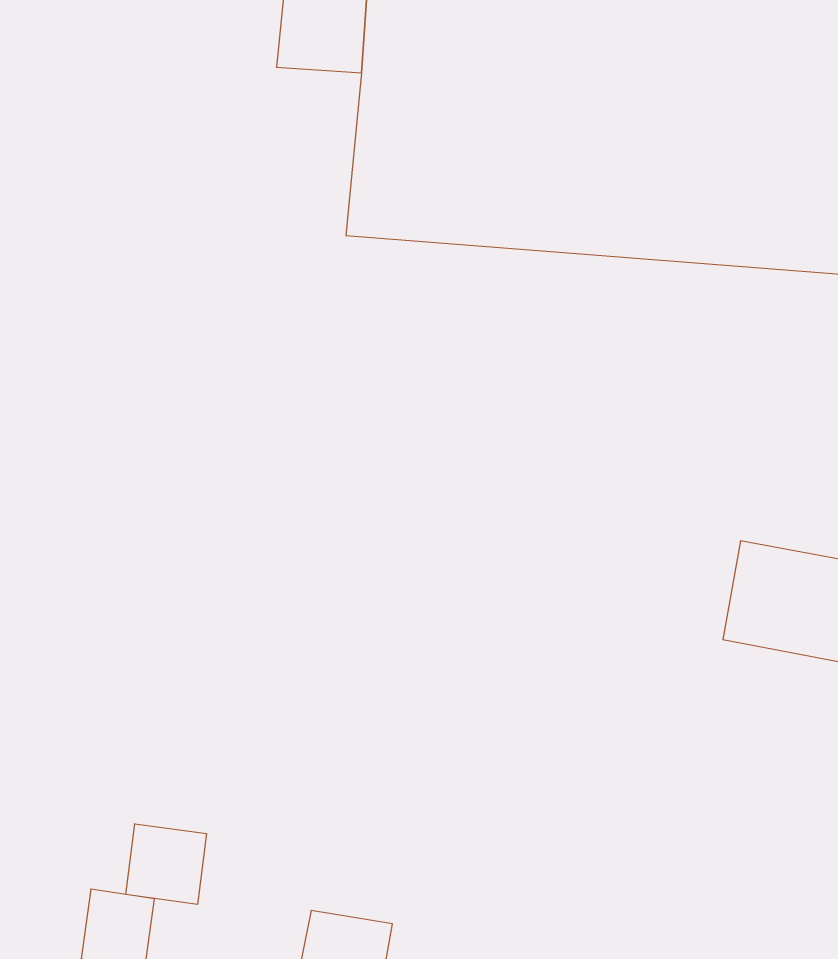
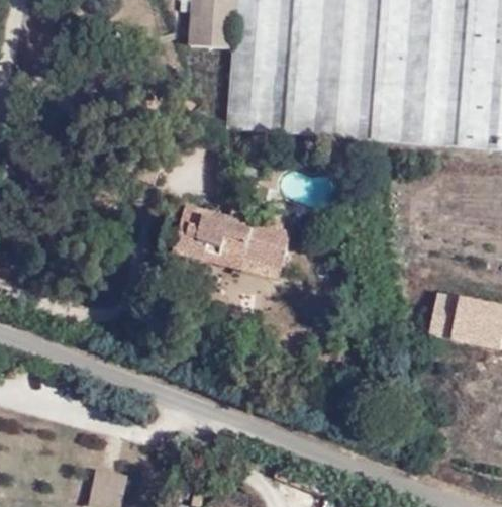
building: none -> [172,214,291,281]
building: [126,824,206,904] -> none

